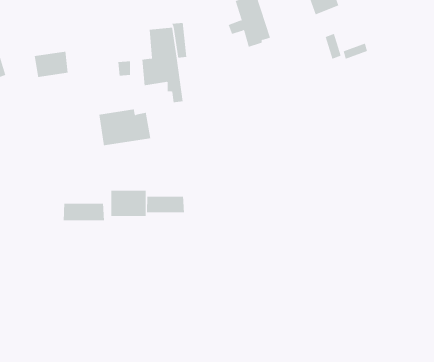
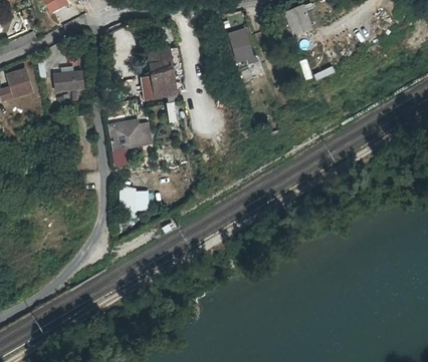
building: [146,196,184,213] -> none
building: [63,203,105,221] -> none

